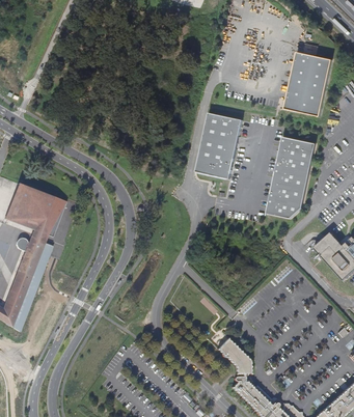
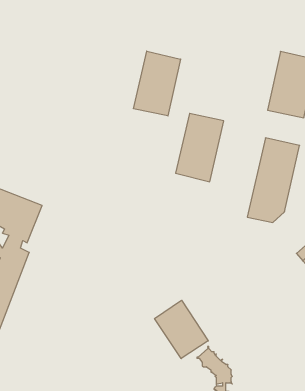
building: none -> [134,51,181,116]
building: none -> [155,300,208,359]

